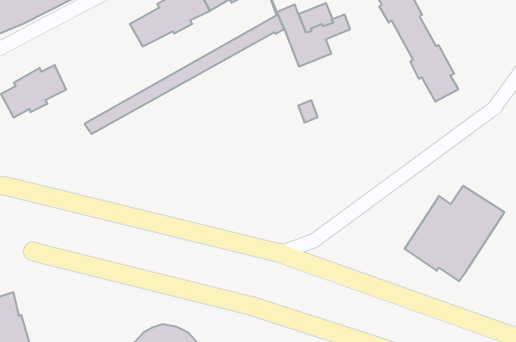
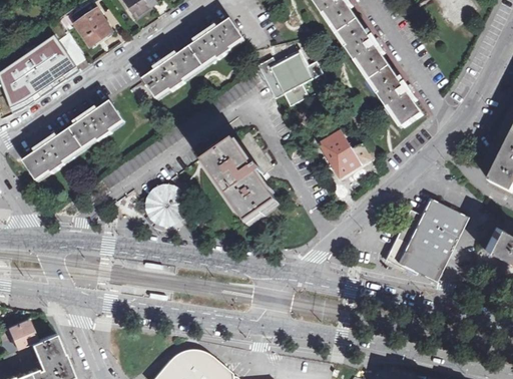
building: none -> [69,102,123,151]
building: none -> [203,141,278,226]
building: none -> [320,131,377,182]
building: none -> [143,183,191,228]

